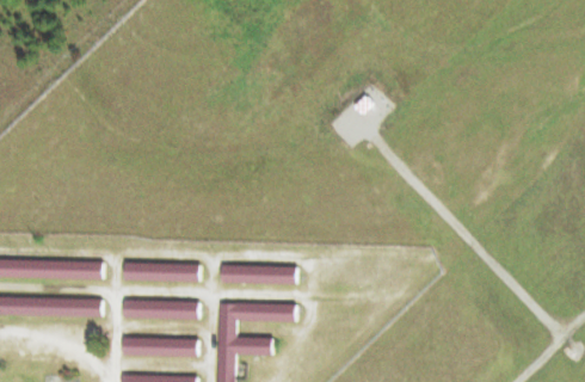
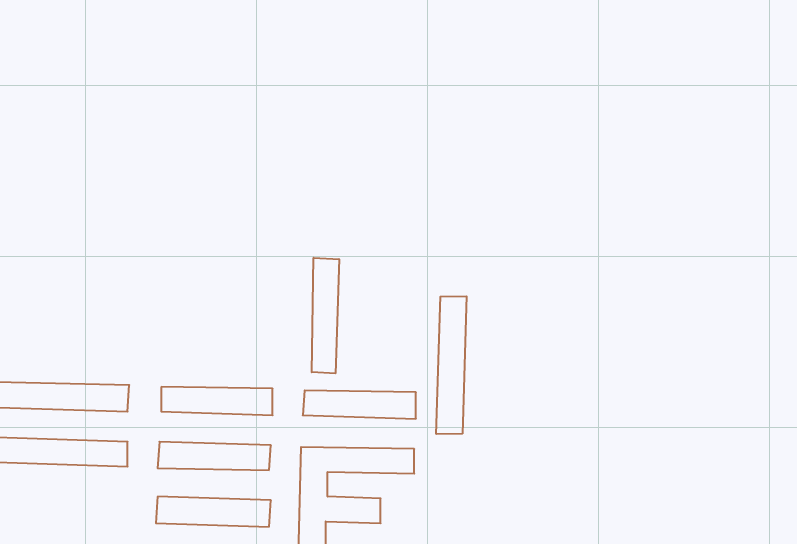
building: none -> [312,258,339,373]
building: none -> [436,296,467,434]

